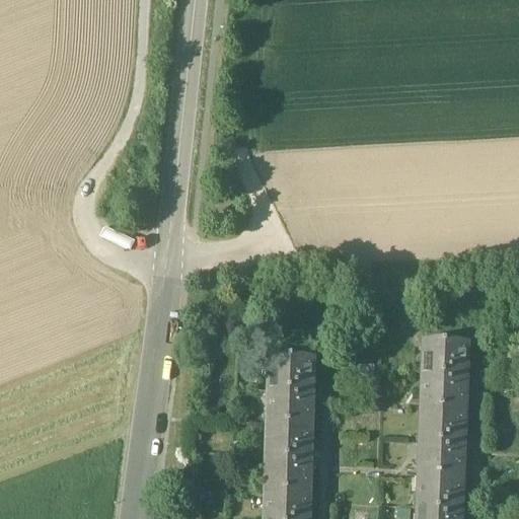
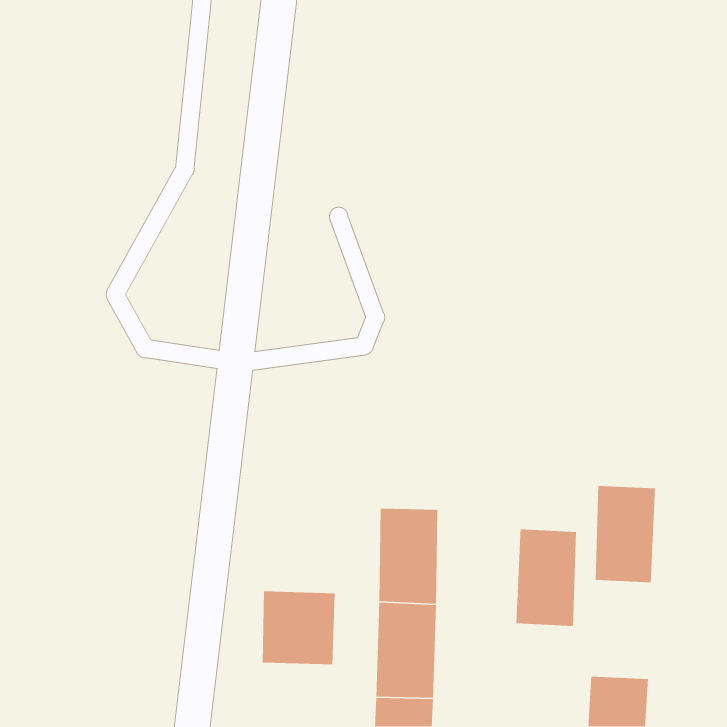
building: [421,414,464,484] -> [516,529,577,627]
building: none -> [262,591,335,665]

